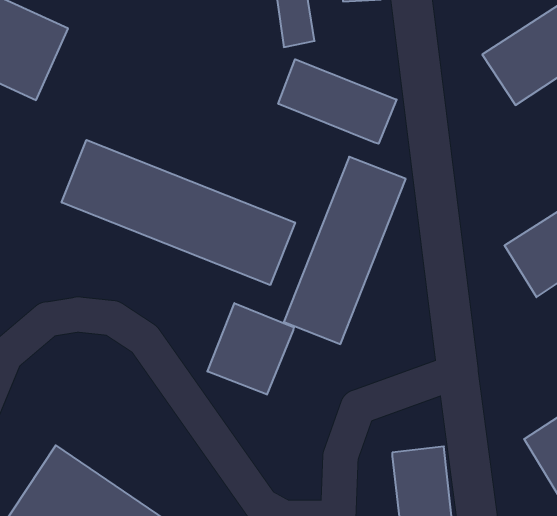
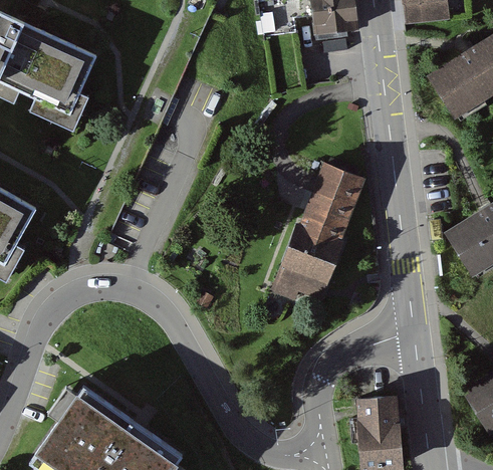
building: [278,59,397,144] -> none
building: [62,140,295,285] -> none
building: [207,303,294,395] -> none

